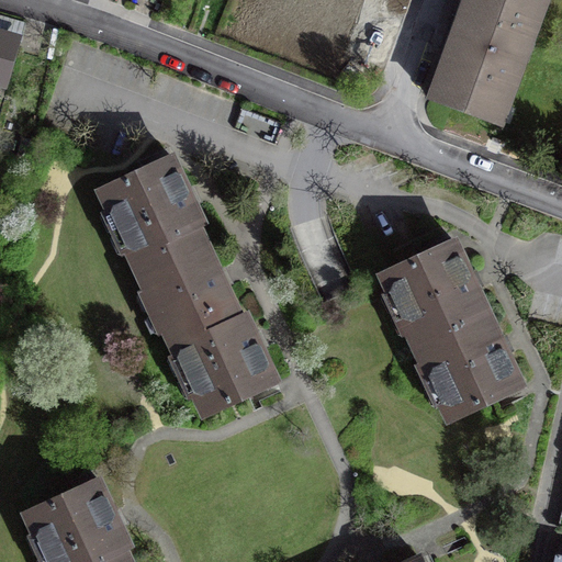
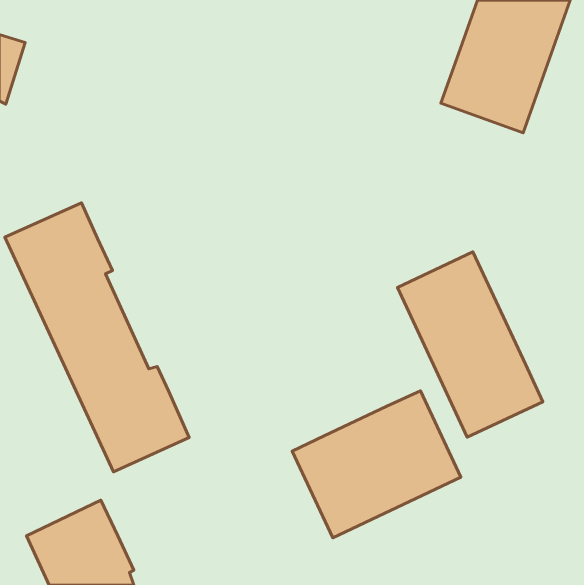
building: [99,157,276,415] -> [5,203,189,472]
building: none -> [292,391,461,538]

